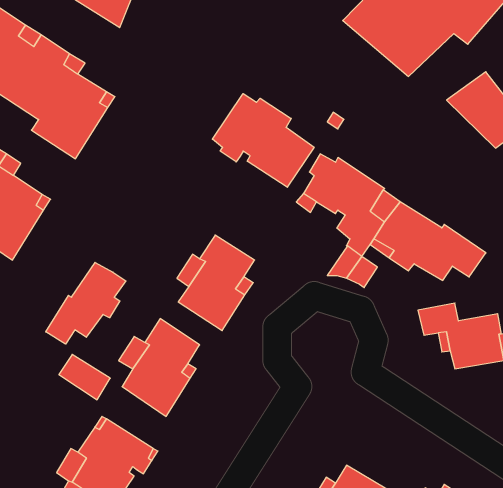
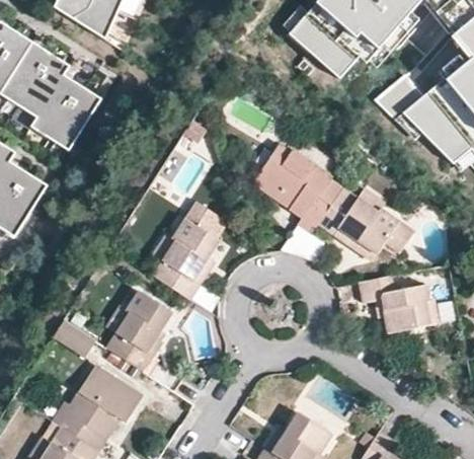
building: [212,94,314,187] -> none
building: [46,262,126,344] -> none

